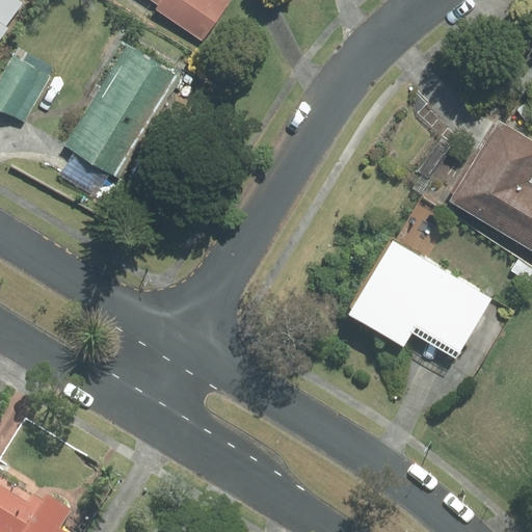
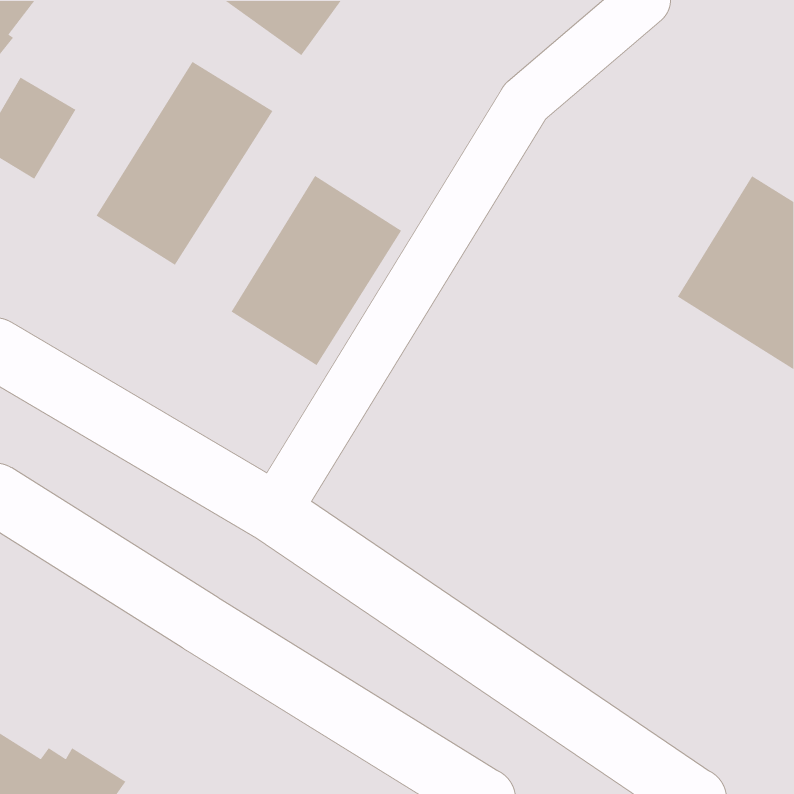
building: none -> [230,175,402,366]
building: [348,235,491,353] -> none

